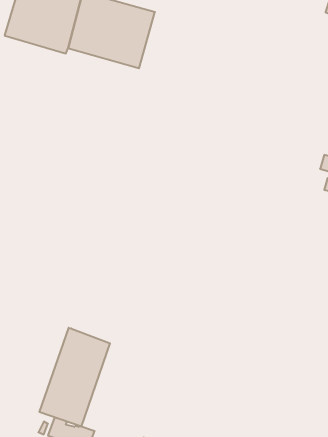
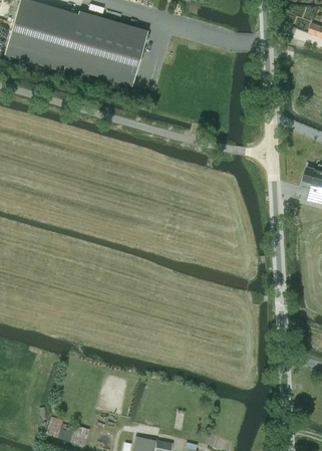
building: [39,328,110,427] -> none

